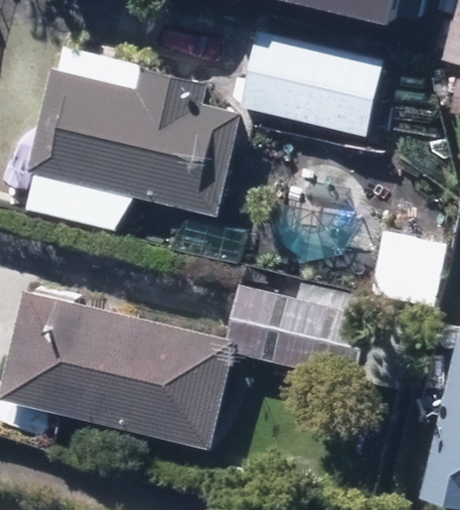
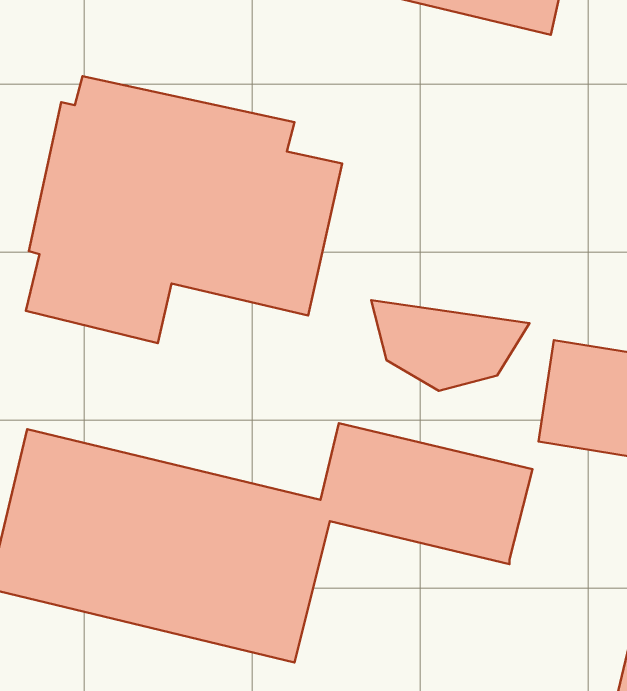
building: [240,29,384,135] -> none

